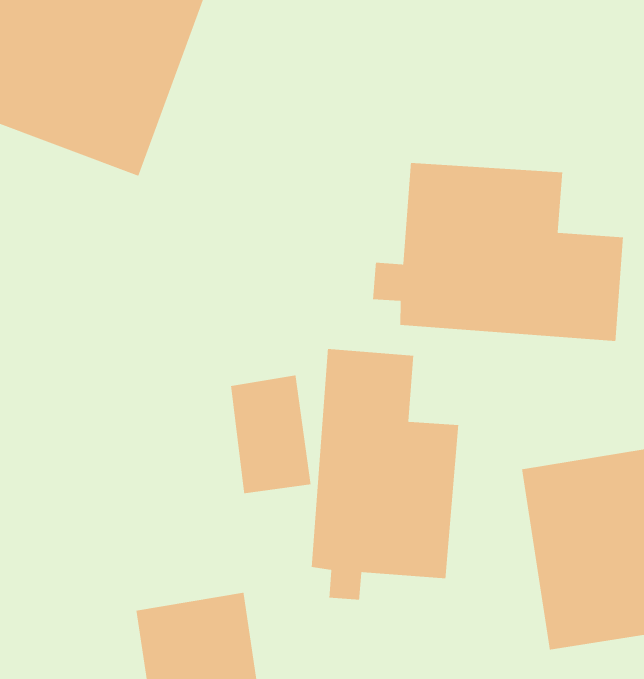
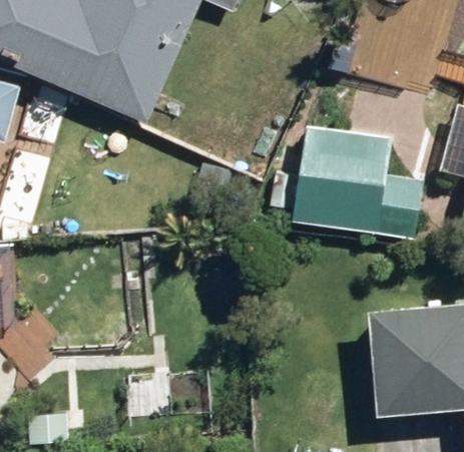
building: [311,348,459,601] -> none

